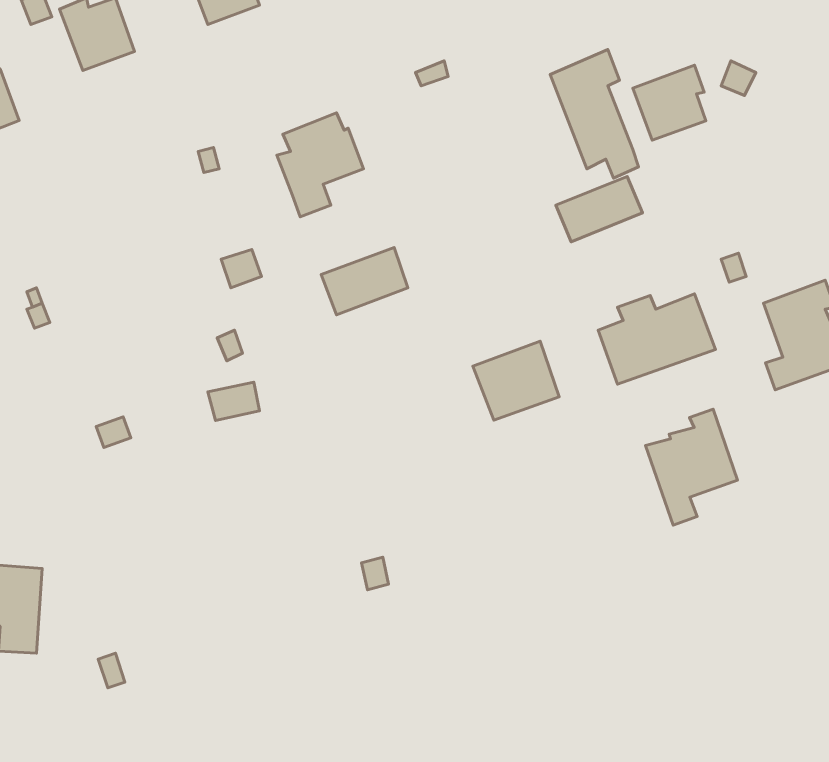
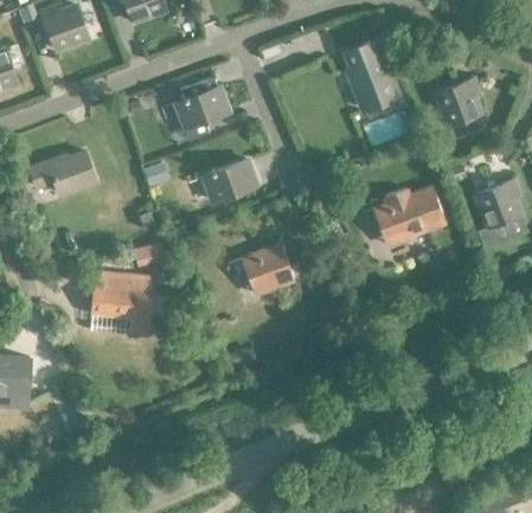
building: [633,65,706,140] -> [435,78,480,124]
building: none -> [27,153,94,195]
building: [473,341,559,420] -> [239,246,293,295]
building: [645,409,737,525] -> none
building: none -> [91,271,152,335]

